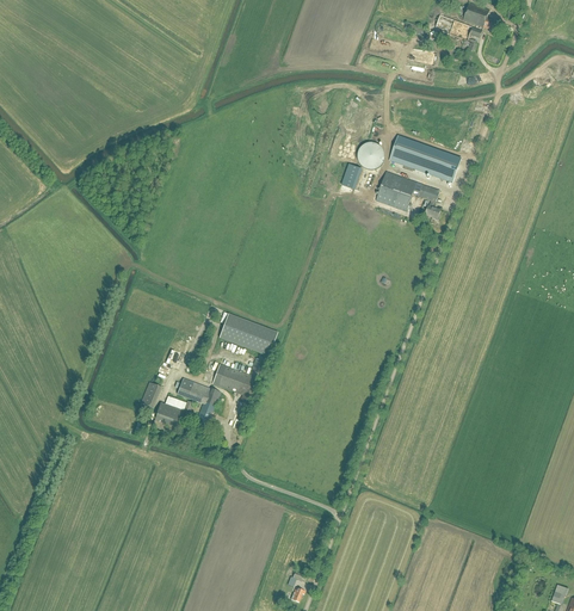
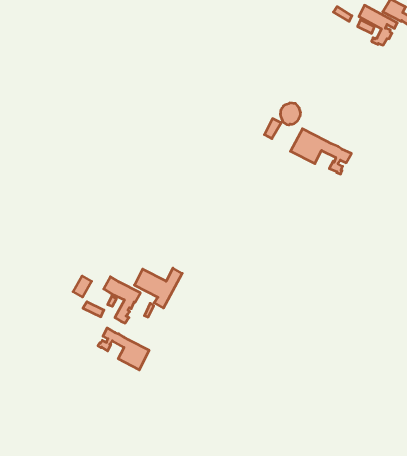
building: [389,135,461,180] -> none
building: [217,311,277,354] -> none
building: none -> [98,328,149,370]

